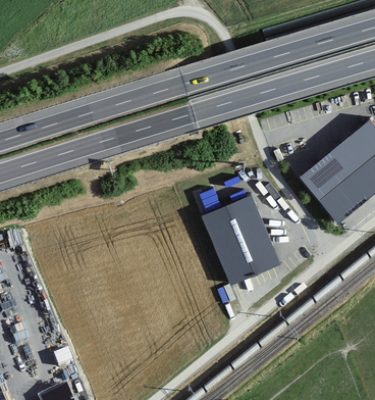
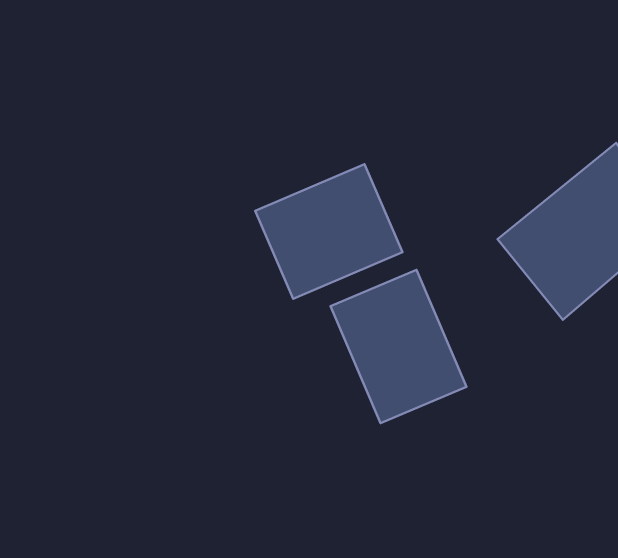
building: none -> [255,164,402,299]

